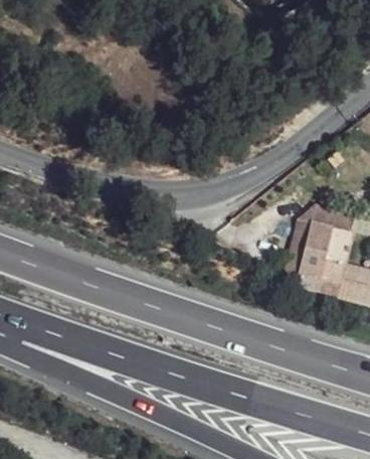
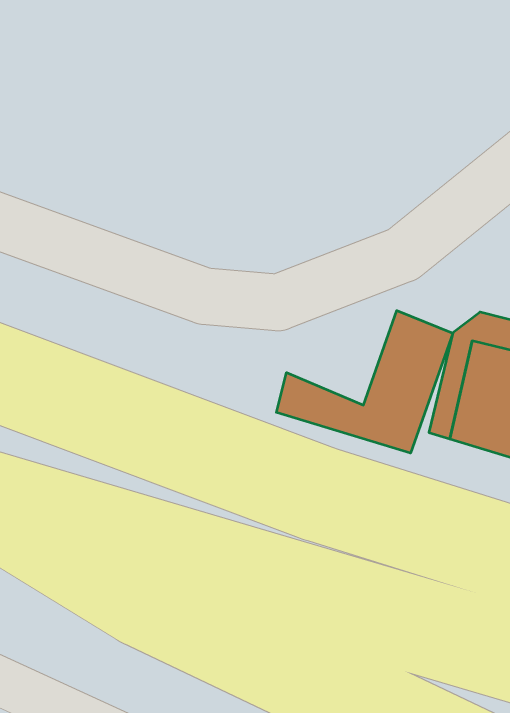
building: none -> [276,311,453,453]

